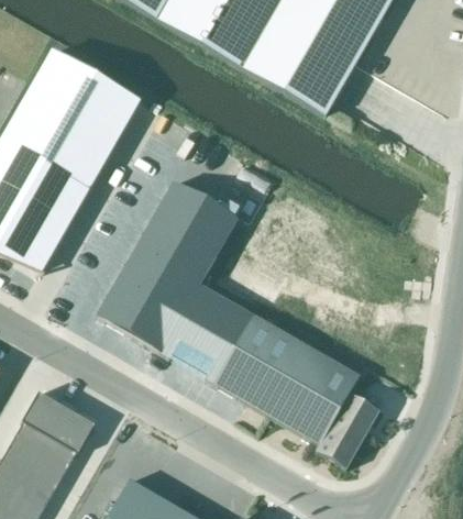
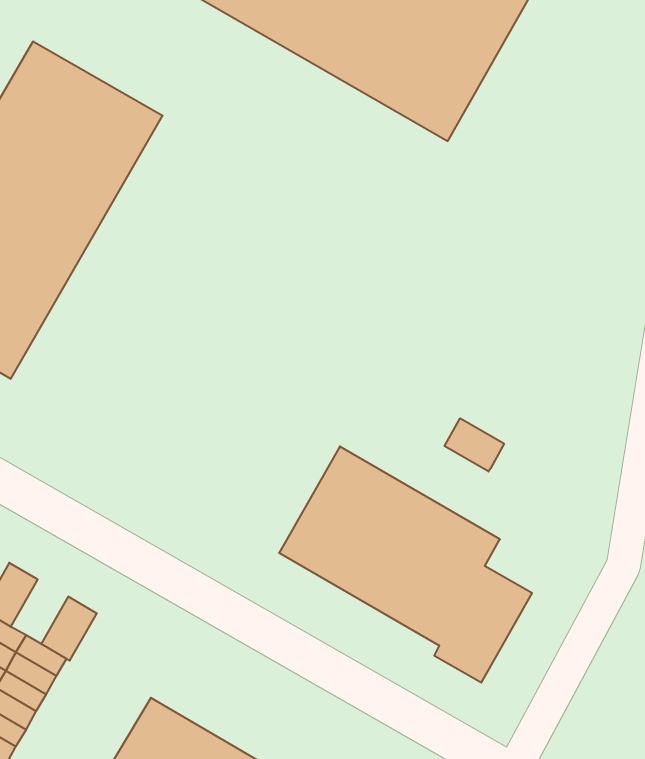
building: [97,183,254,384] -> none
building: none -> [445,418,504,472]
building: [40,401,77,443] -> none

